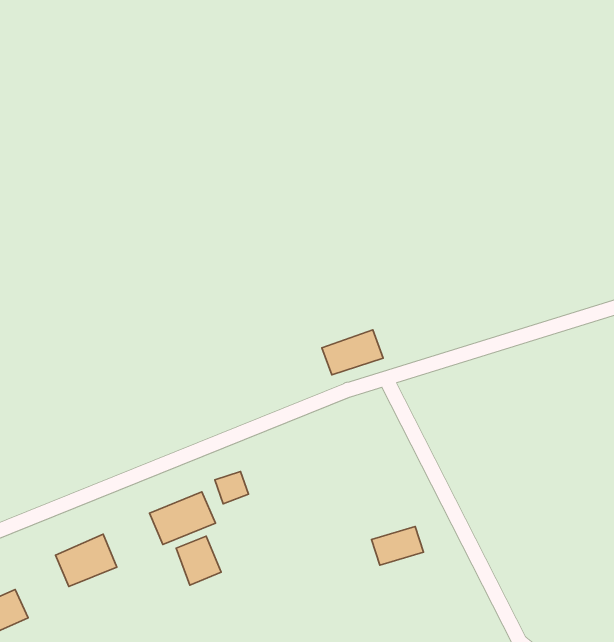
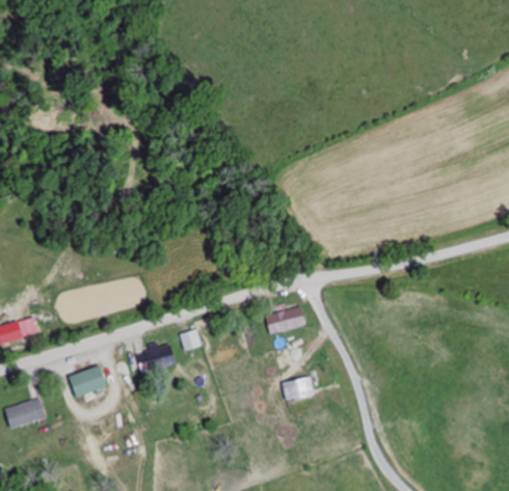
building: [322,330,383,375] -> [265,305,305,333]
building: [176,536,221,585] -> none

